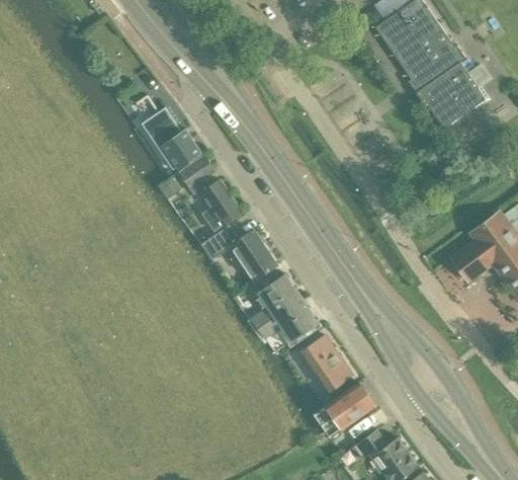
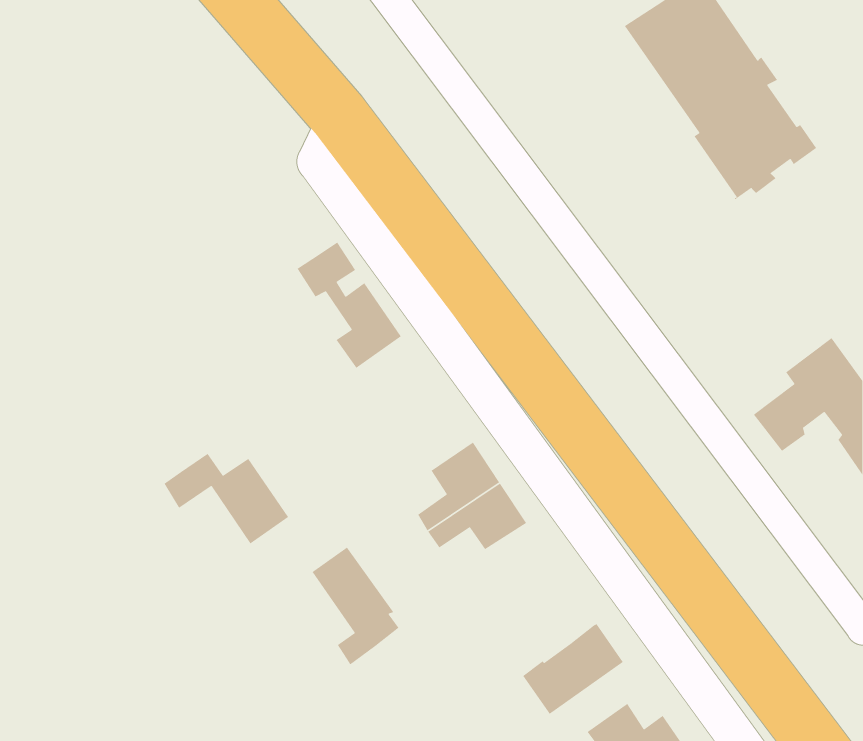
building: [141,107,201,170] -> none
building: [201,226,276,281] -> [164,453,289,544]
building: [303,335,355,406] -> [311,546,400,665]

